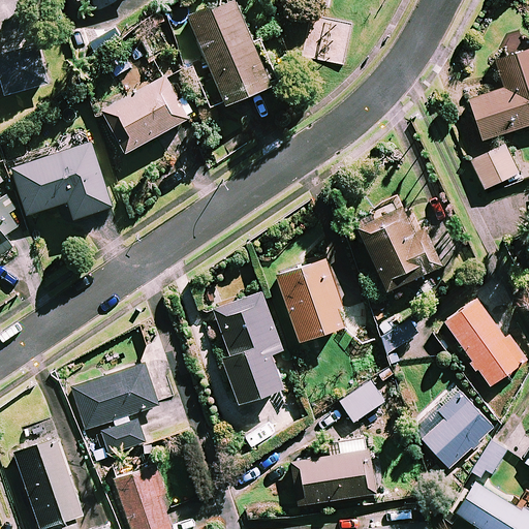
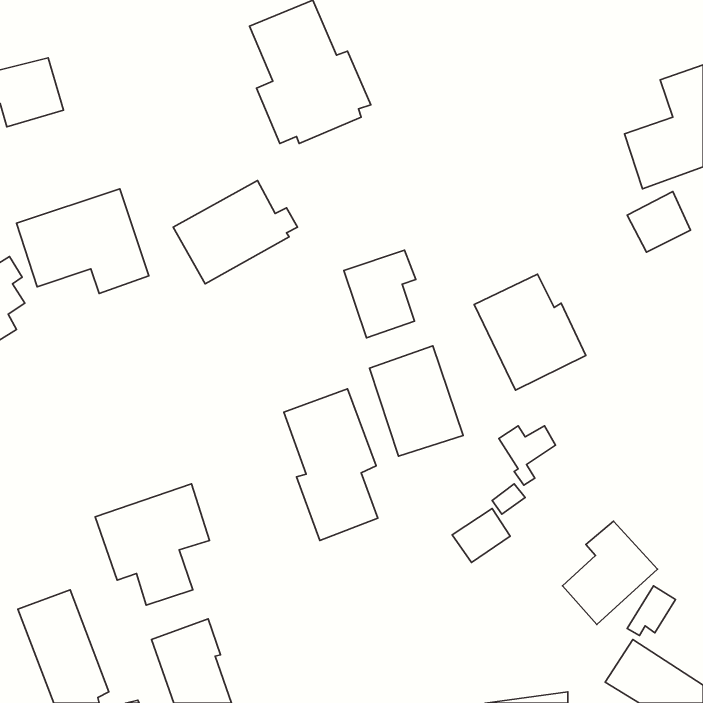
building: [101,76,194,154] -> [173,180,297,284]
building: none -> [344,250,416,338]
building: [444,300,523,385] -> none
building: [291,437,383,504] -> none

